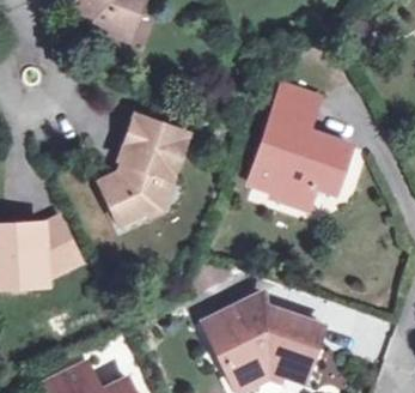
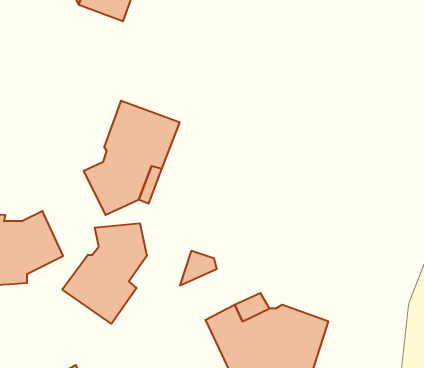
building: [250,83,353,206] -> none
building: none -> [62,223,147,324]

